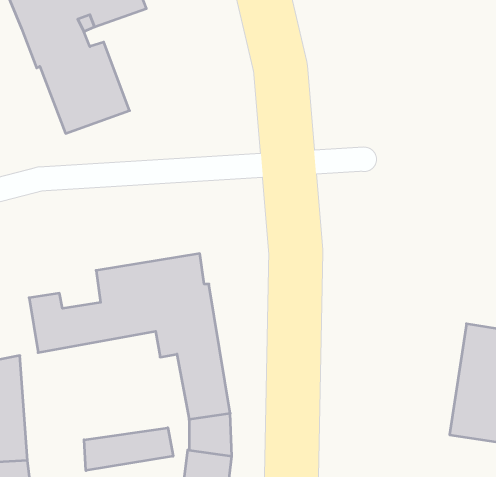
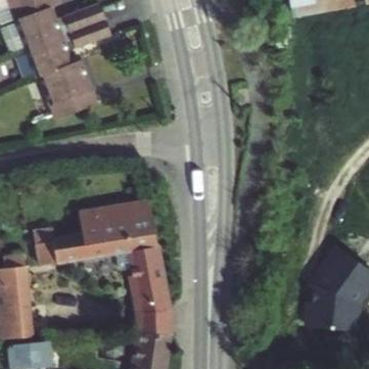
building: [84,428,173,471] -> none

